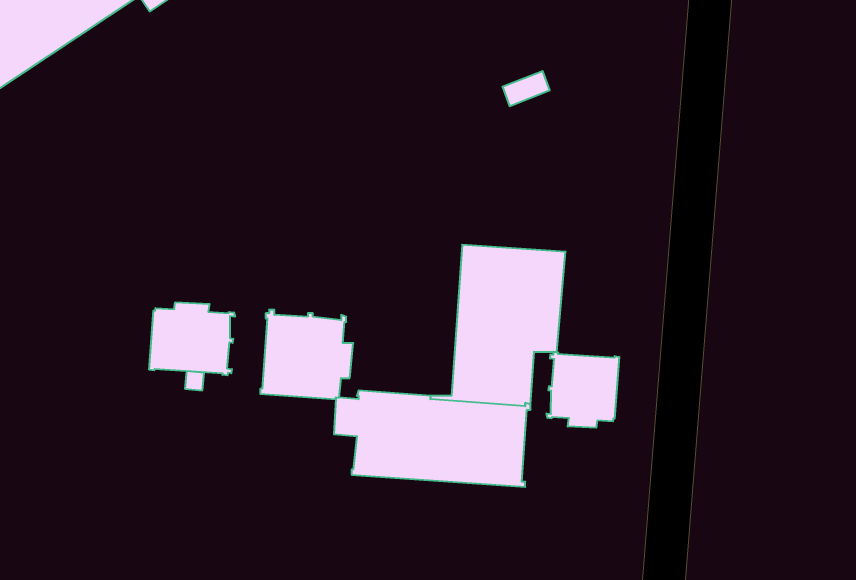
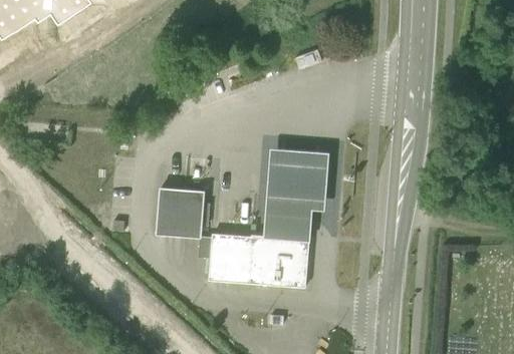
building: [149,302,235,375] -> none
building: [547,352,619,428] -> none

